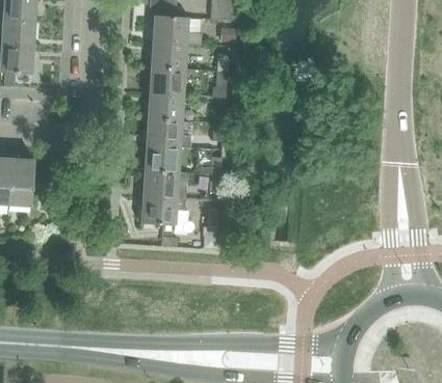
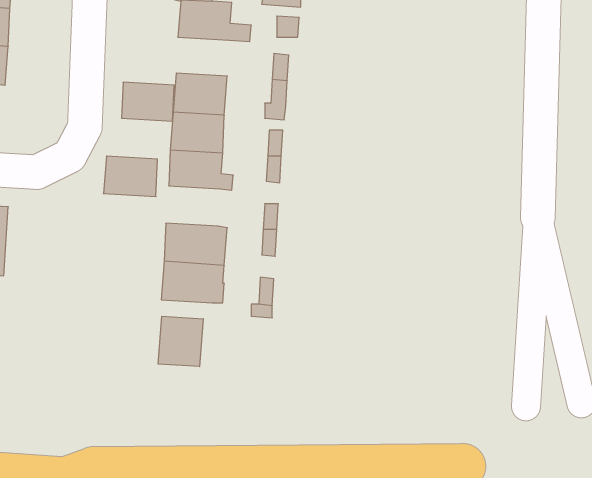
building: [151,42,187,69] -> [122,82,174,121]
building: [144,144,181,172] -> [103,156,157,197]
building: none -> [158,316,203,367]

